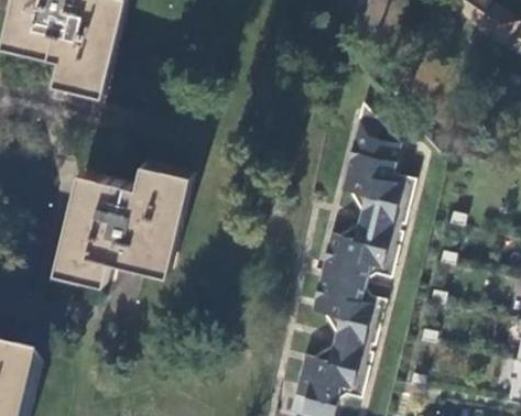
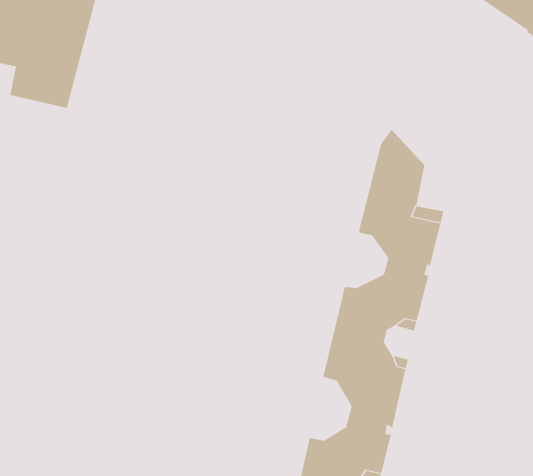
building: [56,163,193,284] -> none

